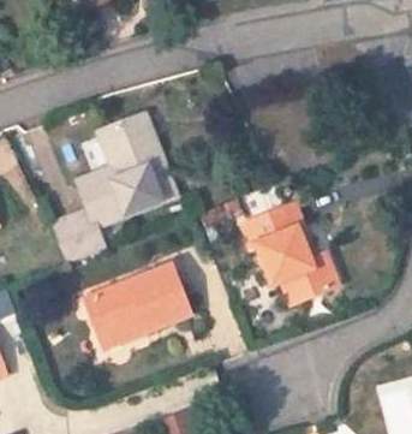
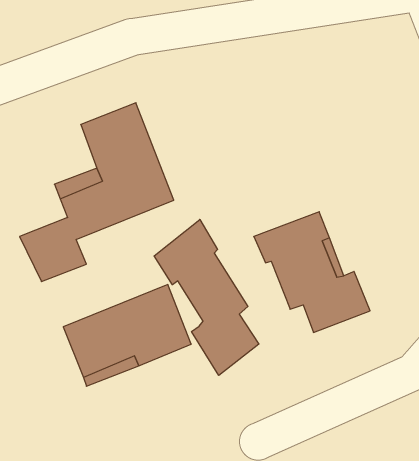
building: none -> [154,219,259,375]

